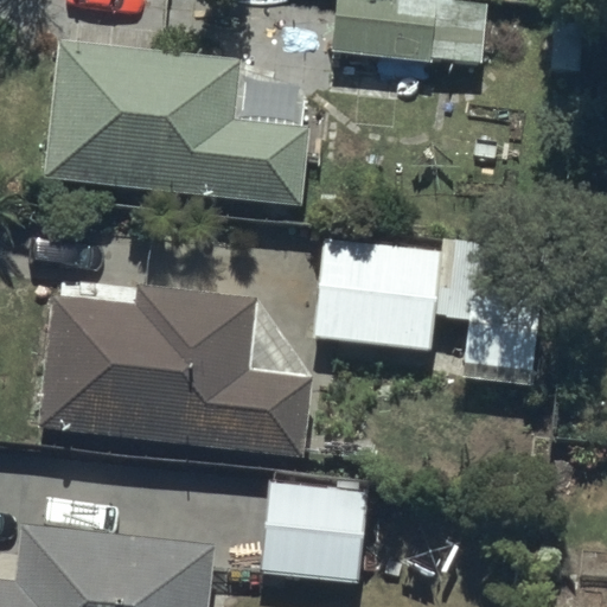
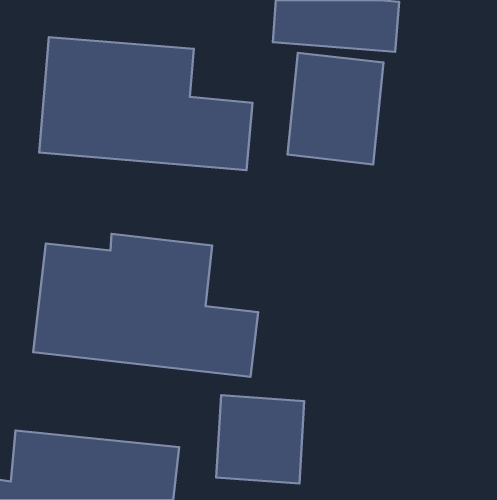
building: none -> [288,53,383,164]
building: [314,226,554,376] -> none

